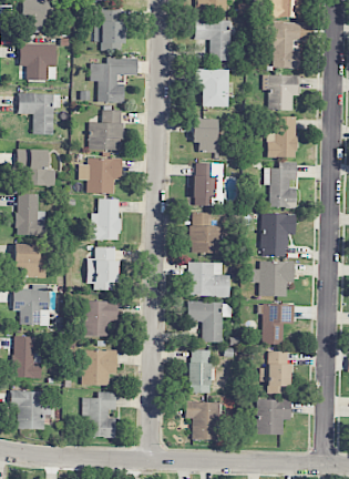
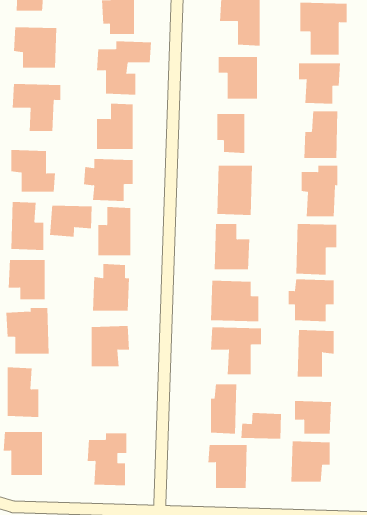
building: none -> [50,205,92,237]
building: [82,349,116,385] -> none
building: none -> [241,412,281,439]

